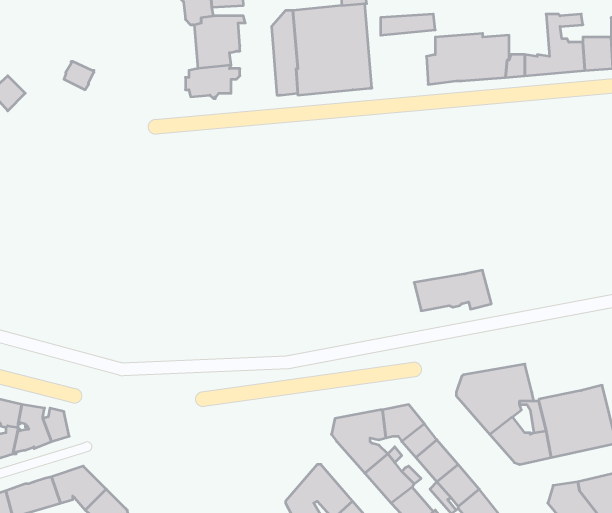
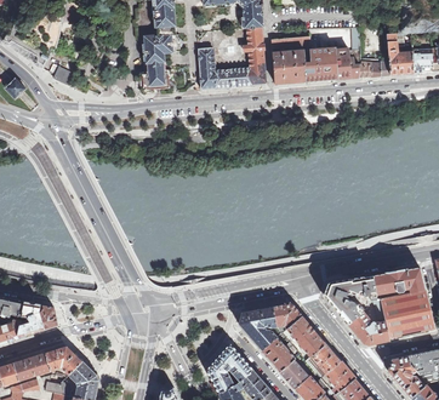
building: none -> [272,48,309,84]
building: [414,270,491,311] -> [371,265,424,293]

